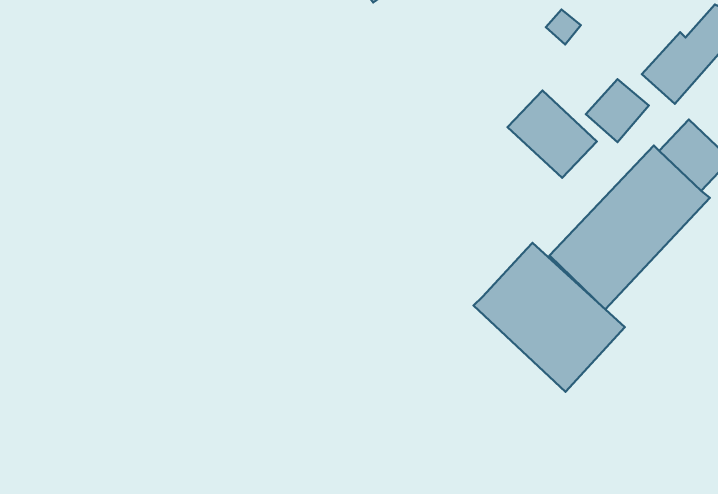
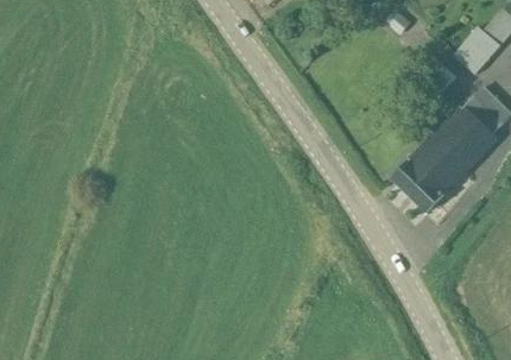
building: [508,90,597,178] -> none
building: [473,243,625,392] -> none

